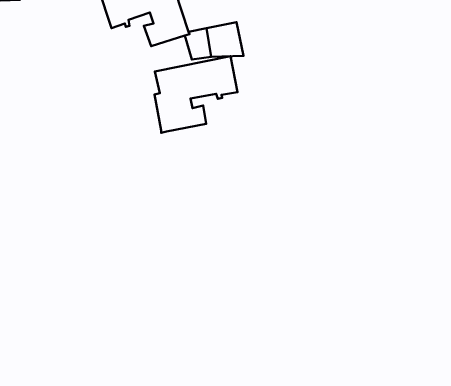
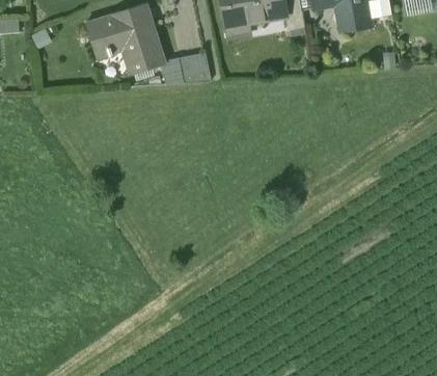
building: [154,56,237,133] -> none

